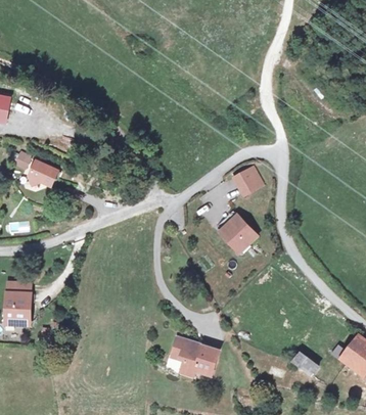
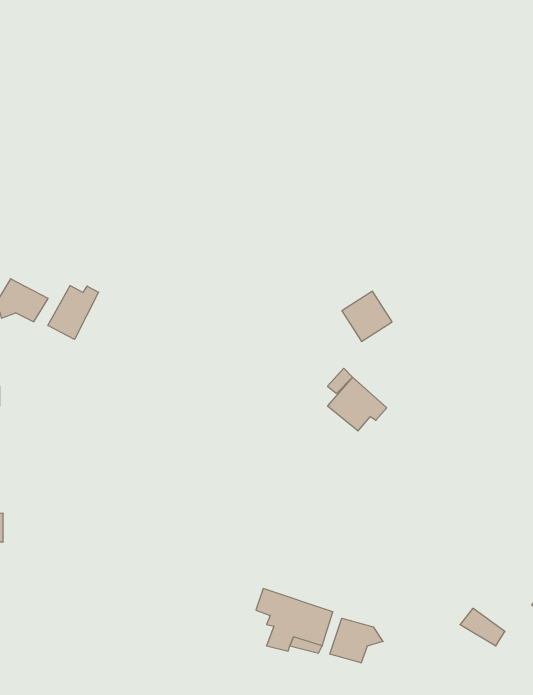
building: none -> [48,286,99,339]
building: none -> [330,618,383,663]

